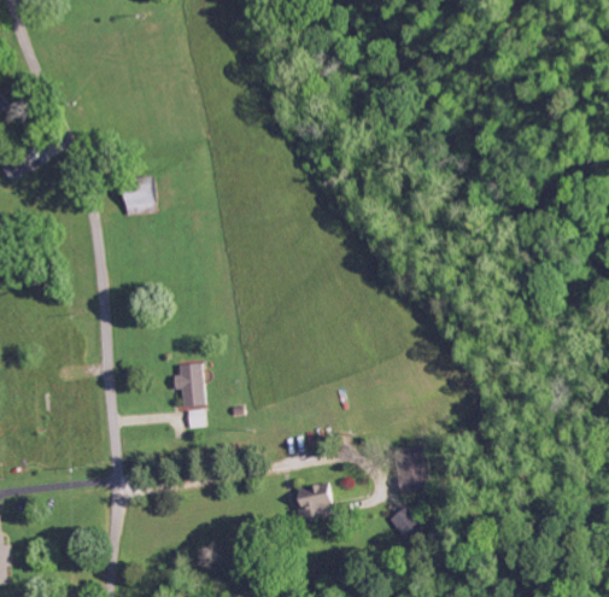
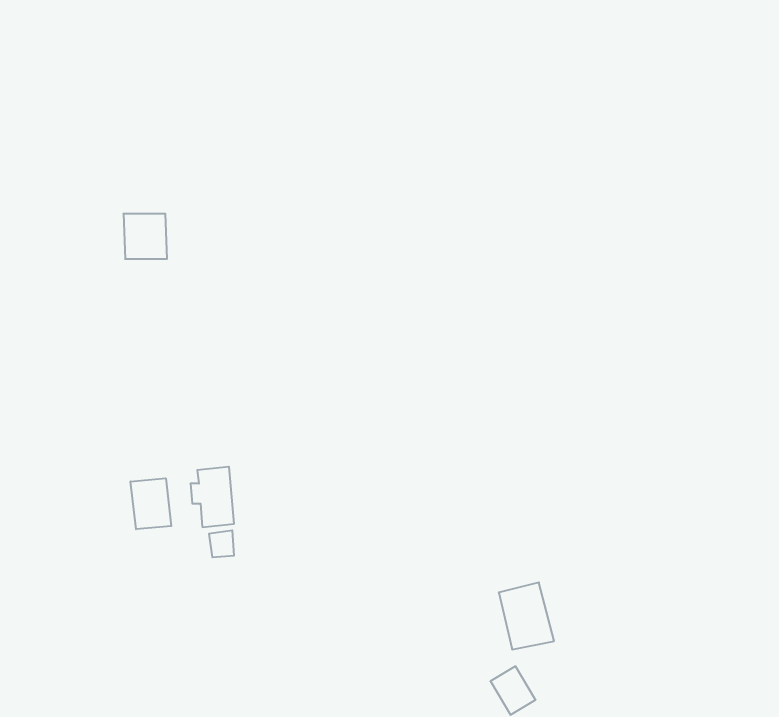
building: none -> [131,478,171,529]
building: [292,481,332,521] -> none

